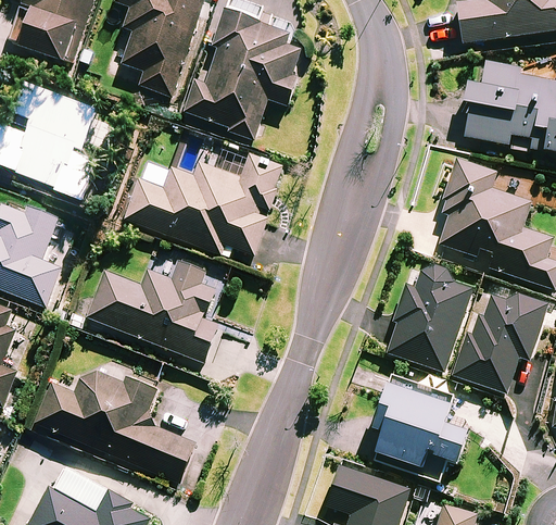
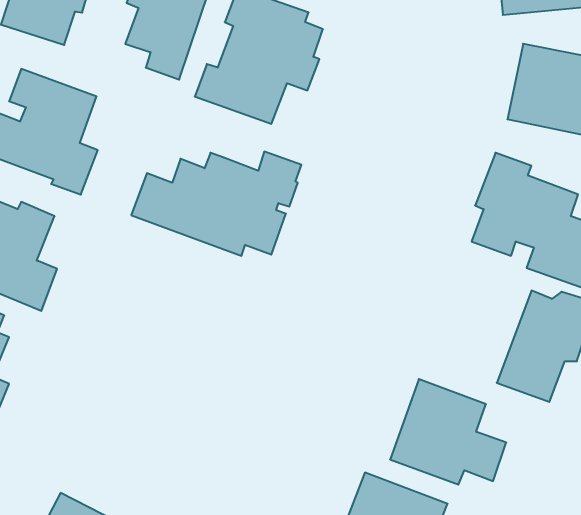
building: [88,262,218,363] -> none
building: [387,262,470,367] -> none
building: [36,368,195,483] -> none

